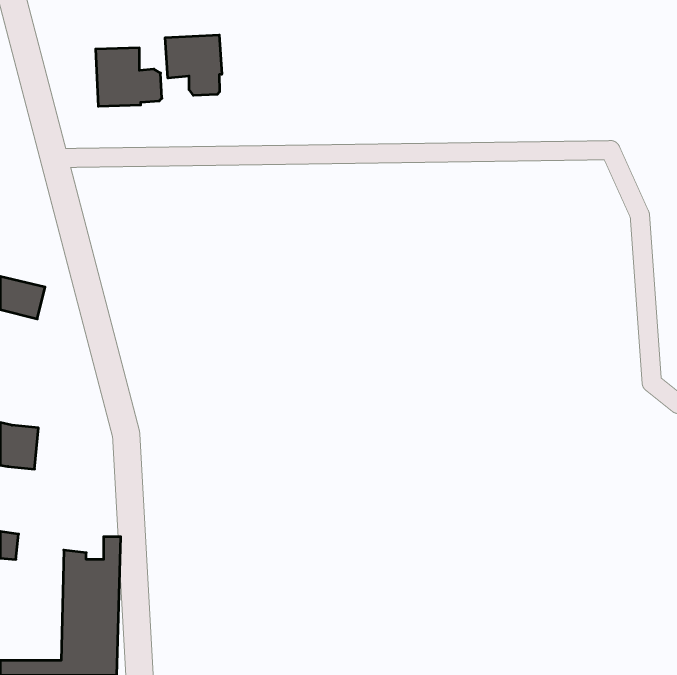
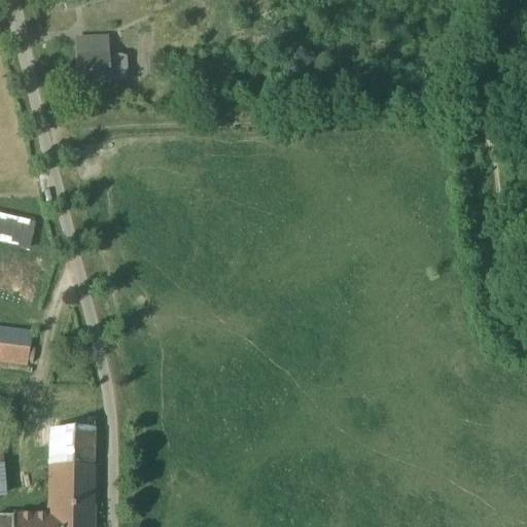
building: [165,35,222,95] -> none

